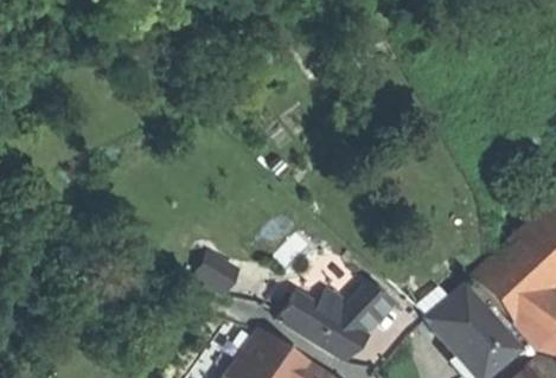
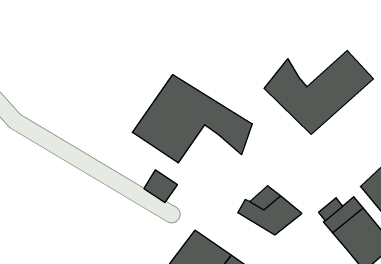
building: none -> [264,50,373,134]
building: none -> [132,75,252,163]
building: [282,294,366,359] -> none

